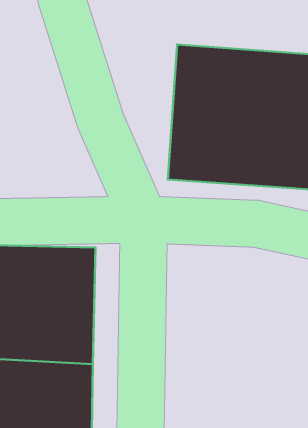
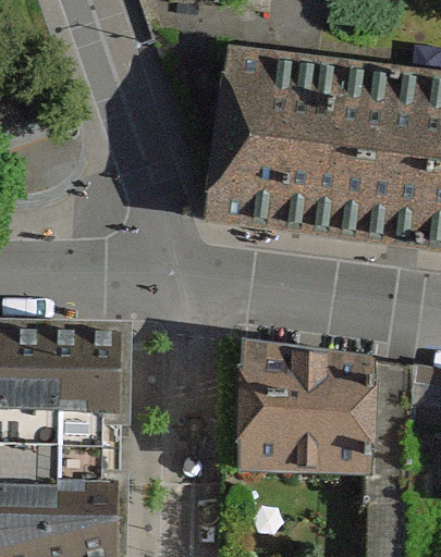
building: none -> [230,333,368,471]

